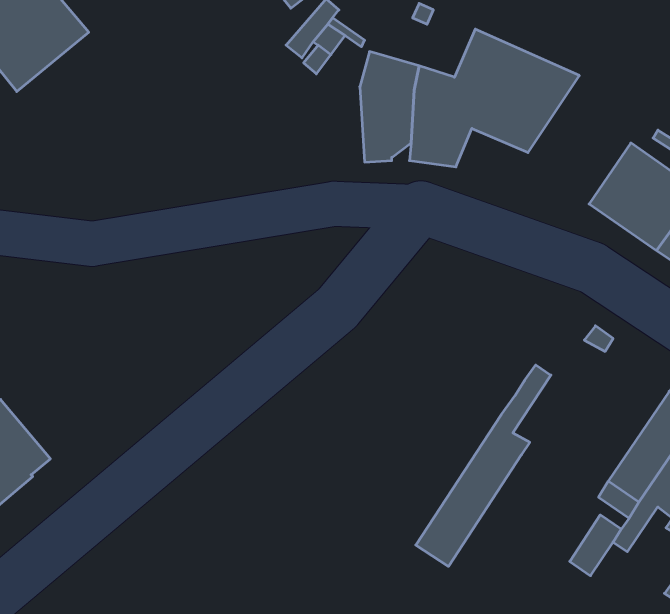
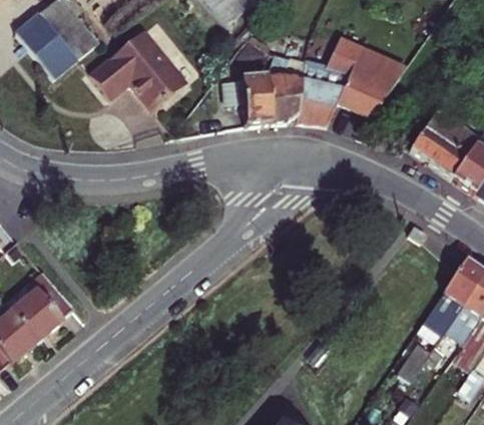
building: none -> [90,30,185,110]
building: none -> [224,74,271,123]
building: [416,365,551,566] -> none

